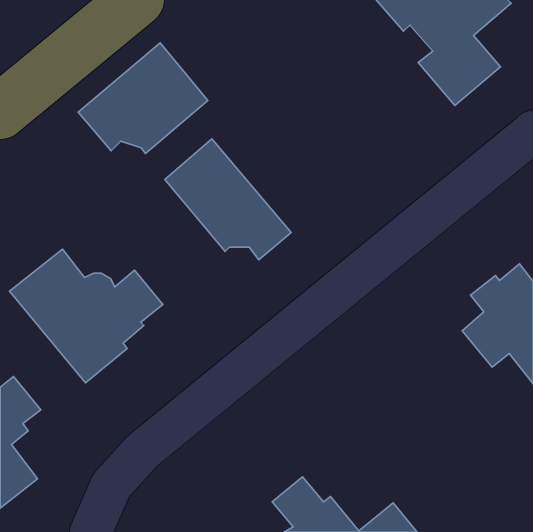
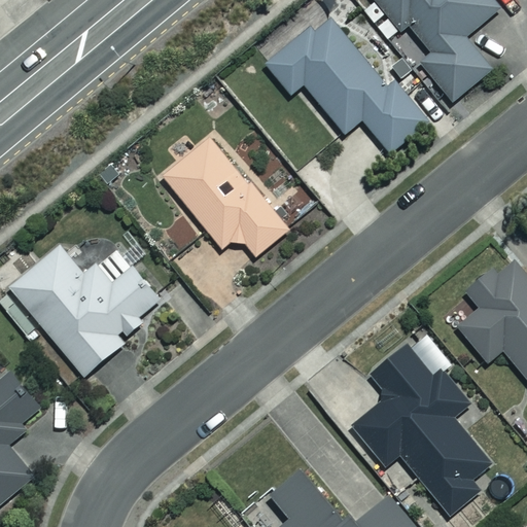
building: none -> [259,16,429,156]
building: [78,43,208,154] -> none
building: none -> [356,346,490,517]

